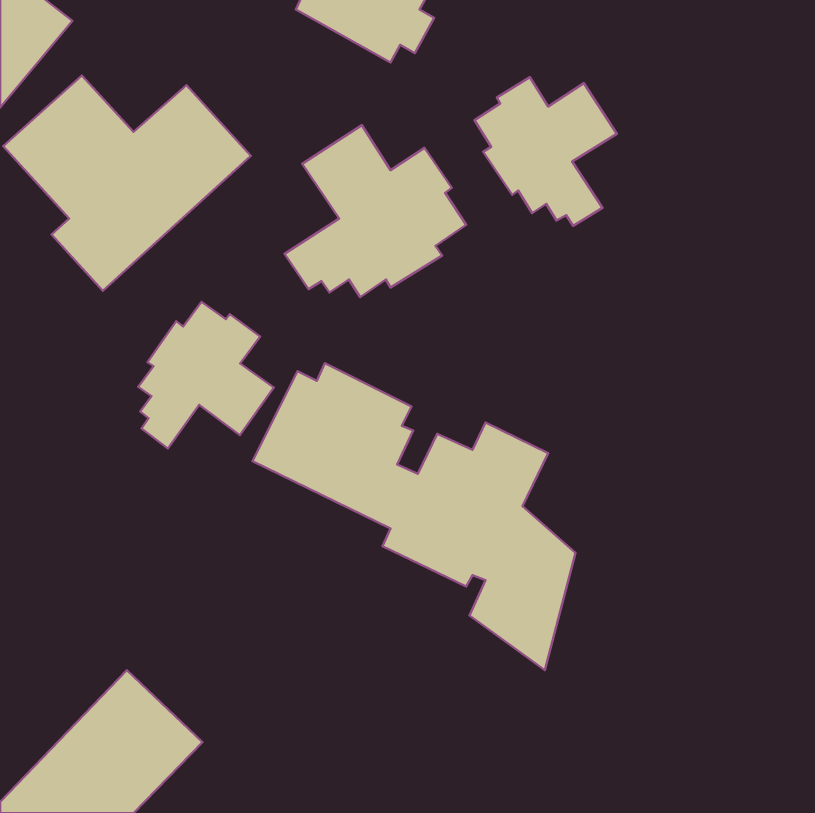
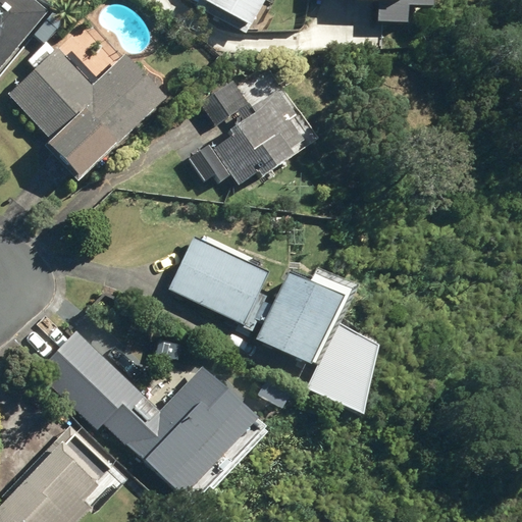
building: [474,77,617,226] -> none
building: [138,302,274,448] -> none
building: none -> [45,326,267,485]

